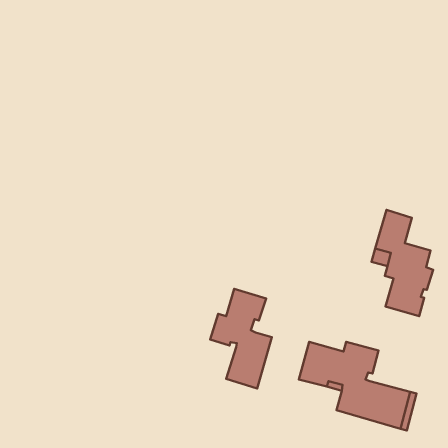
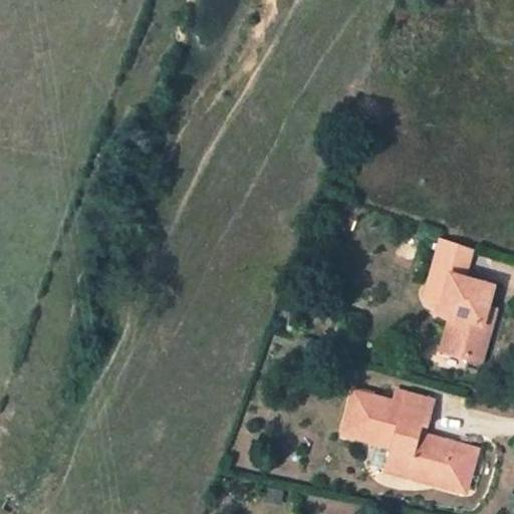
building: [210,289,272,389] -> none

